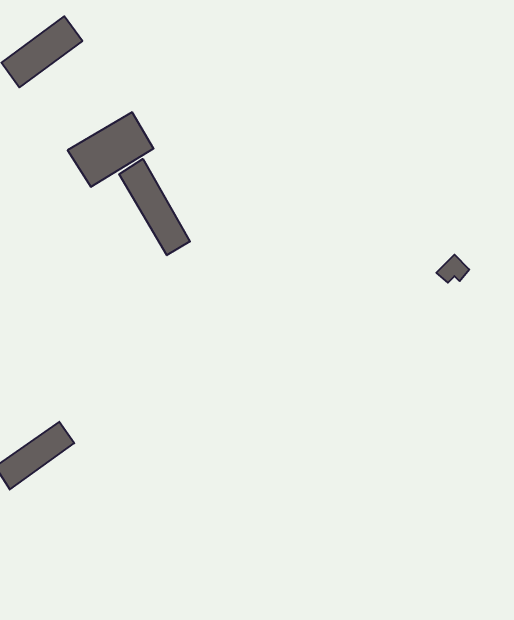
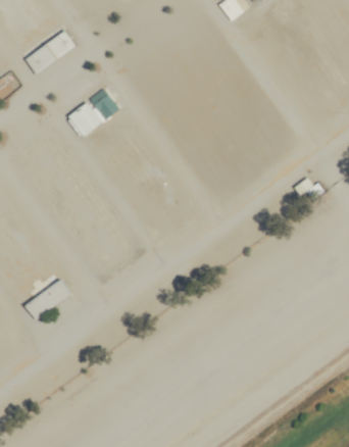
building: [119,159,190,255] -> none

